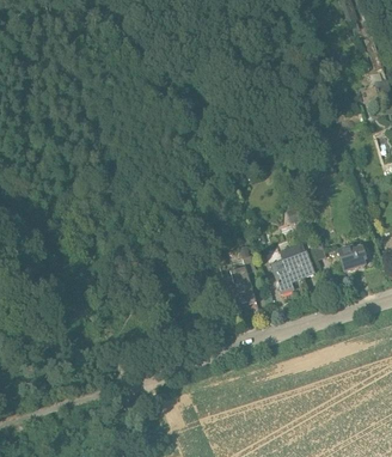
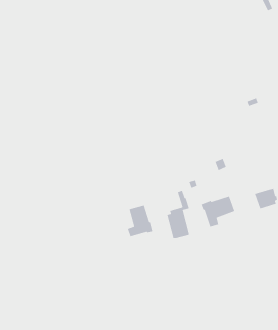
building: none -> [127,204,153,237]

